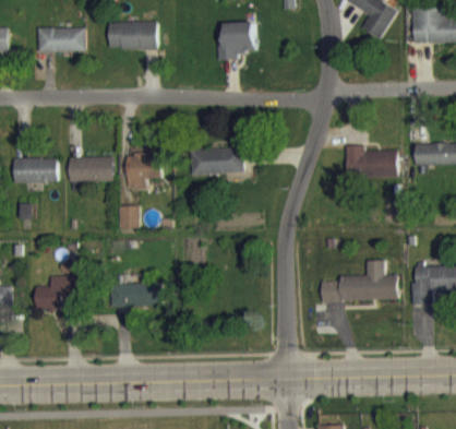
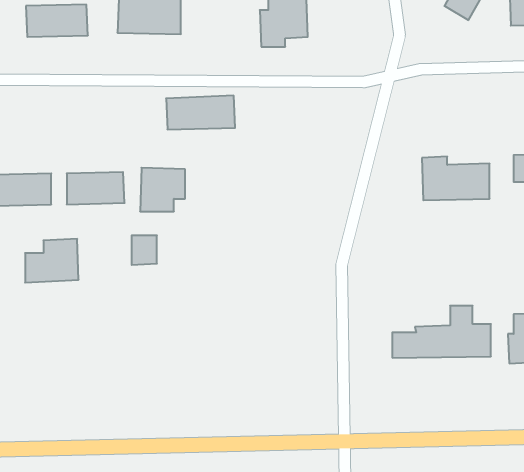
building: [190,148,243,175] -> [166,96,235,129]
building: [36,276,77,310] -> [25,239,79,283]
building: [111,284,163,308] -> none

